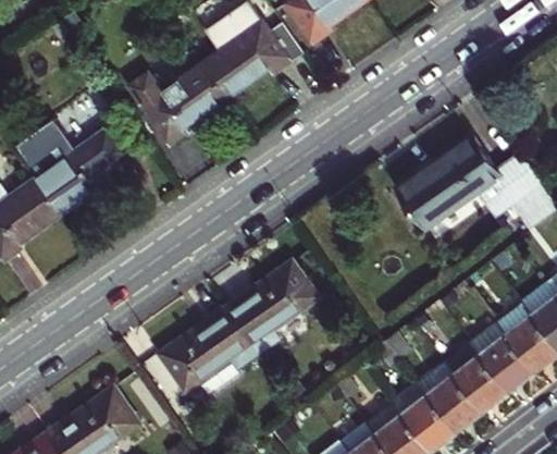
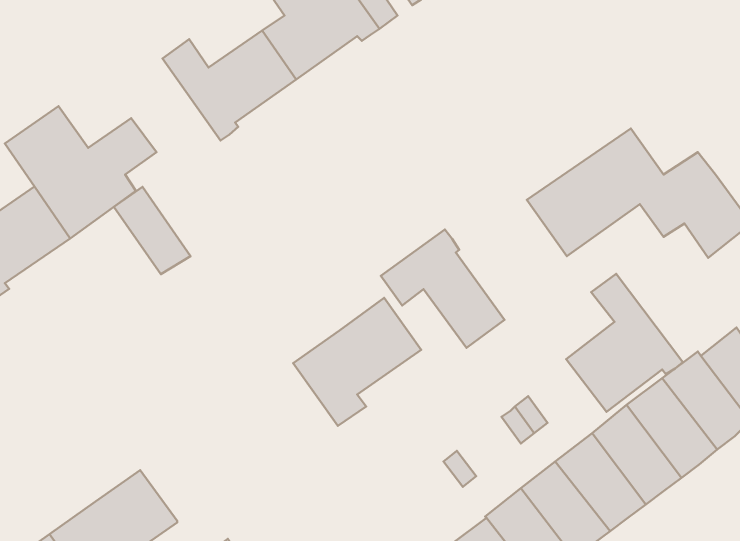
building: none -> [114,187,190,274]
building: none -> [381,229,505,348]
building: none -> [566,274,683,412]
building: [158,307,258,394] -> none

